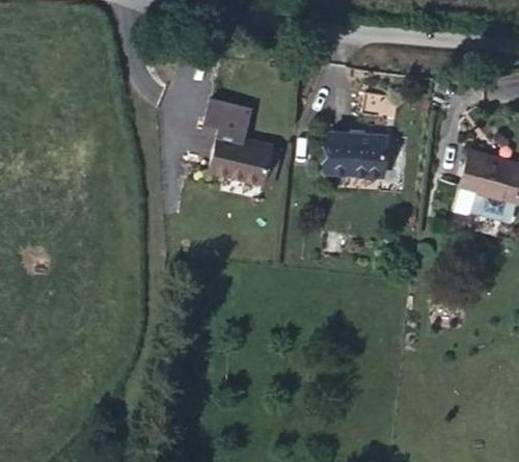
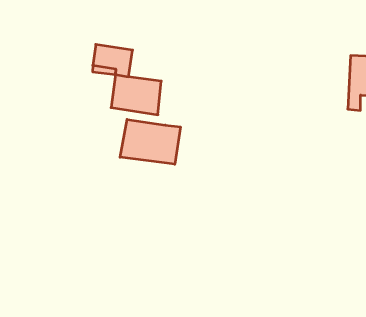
building: [315,132,376,178] -> none
building: none -> [120,119,180,164]

